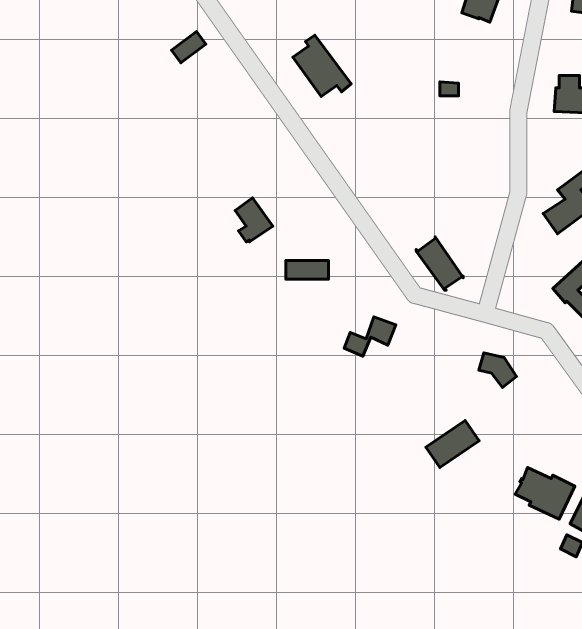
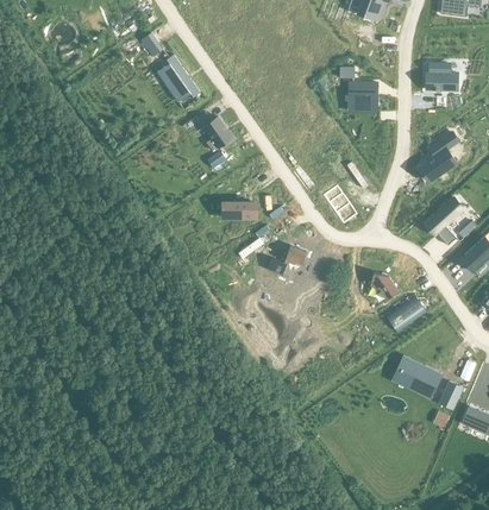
building: [293,35,351,96] -> [157,55,201,101]
building: none -> [349,82,377,106]
building: [235,198,273,242] -> [205,117,233,150]
building: [426,420,479,468] -> [387,296,427,332]

